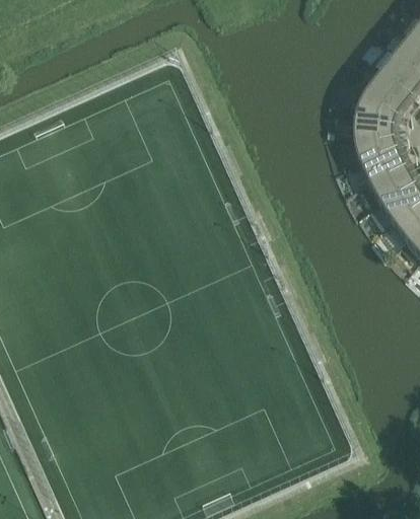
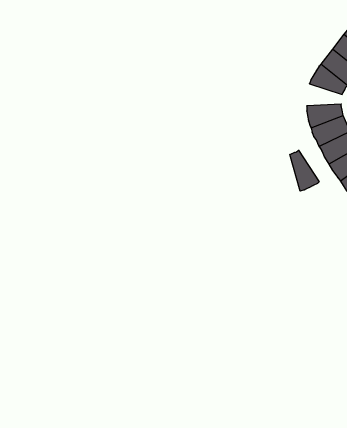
building: [356,106,397,132] -> none
building: none -> [290,150,319,191]

